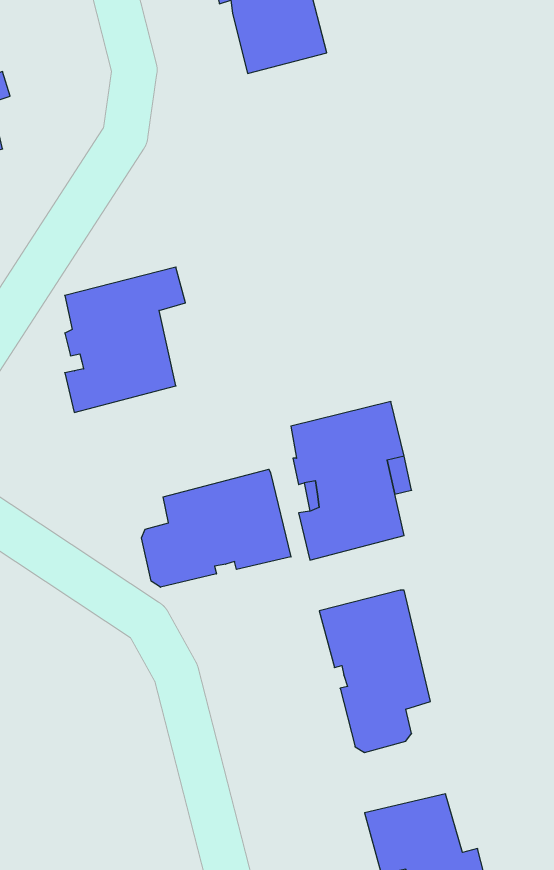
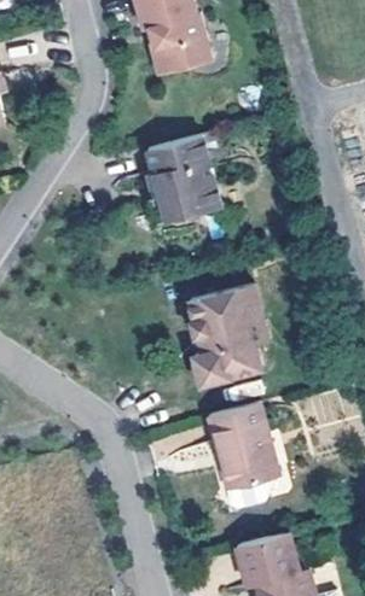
building: [65,267,185,412] -> [146,130,224,223]
building: [141,469,291,587] -> none

